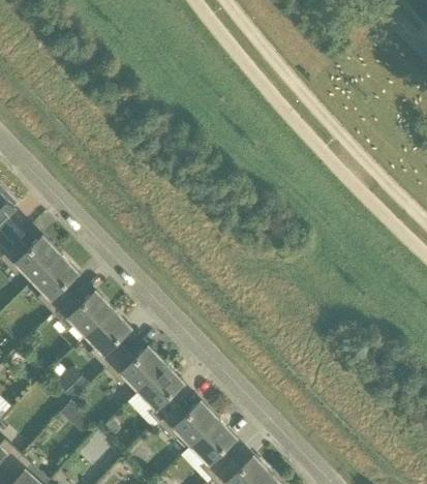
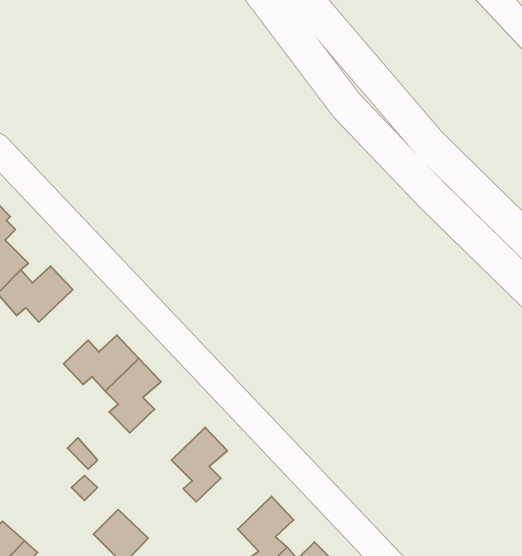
building: [33,255,78,314] -> none
building: [105,346,165,391] -> none
building: [158,401,218,446] -> none

